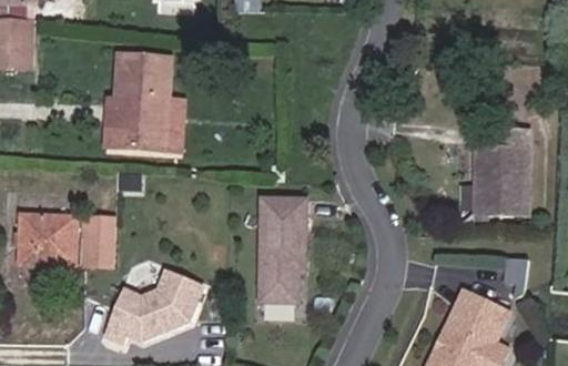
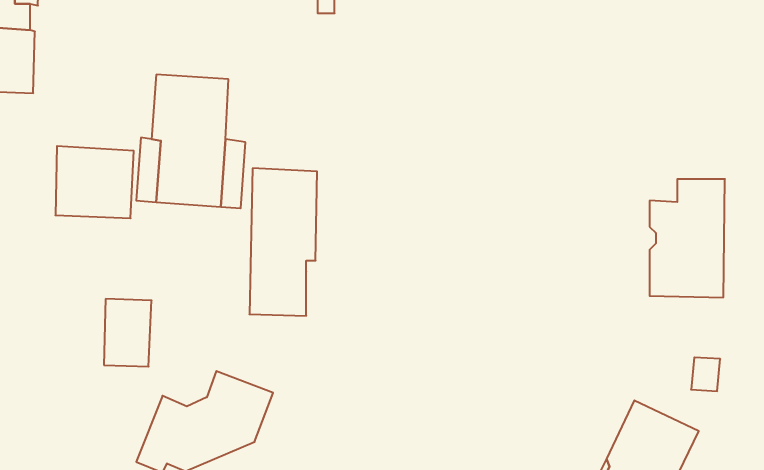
building: [258,197,307,304] -> [249,168,317,316]
building: [26,214,82,266] -> [55,146,134,218]

